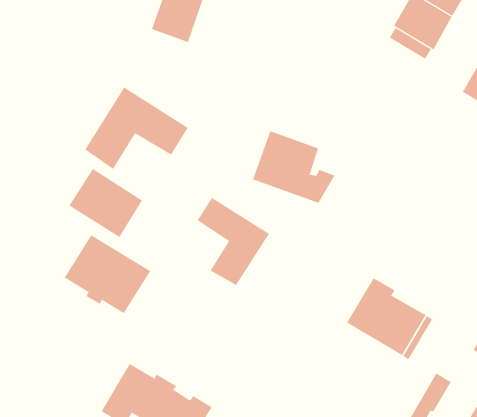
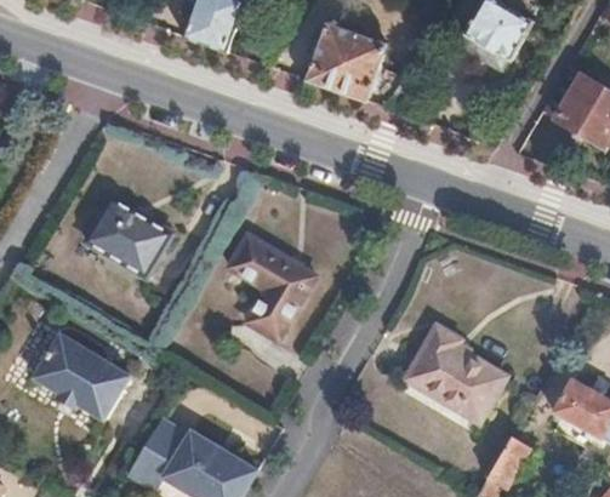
building: [85,87,189,170] -> none
building: [252,130,336,204] -> [304,22,401,107]
building: [64,235,151,314] -> [27,333,129,425]

